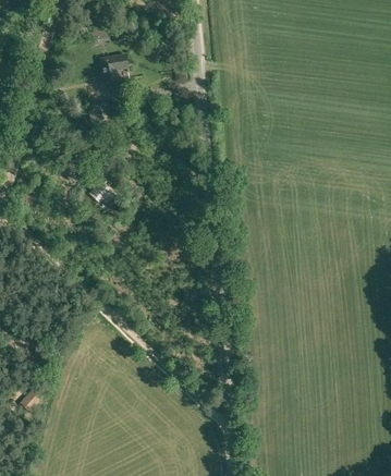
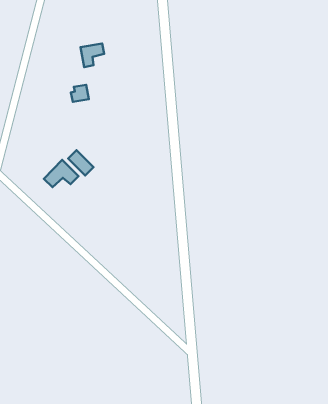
building: none -> [44,160,79,187]

